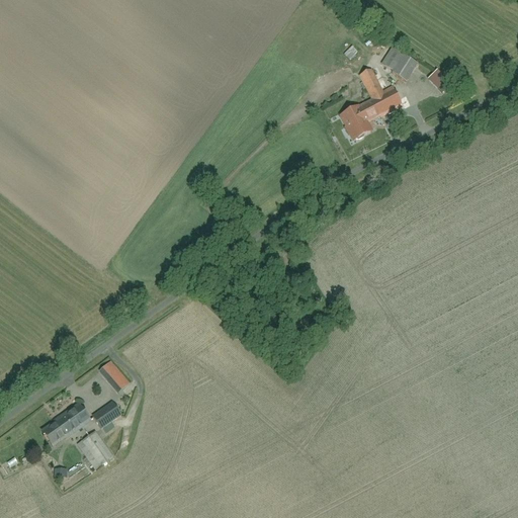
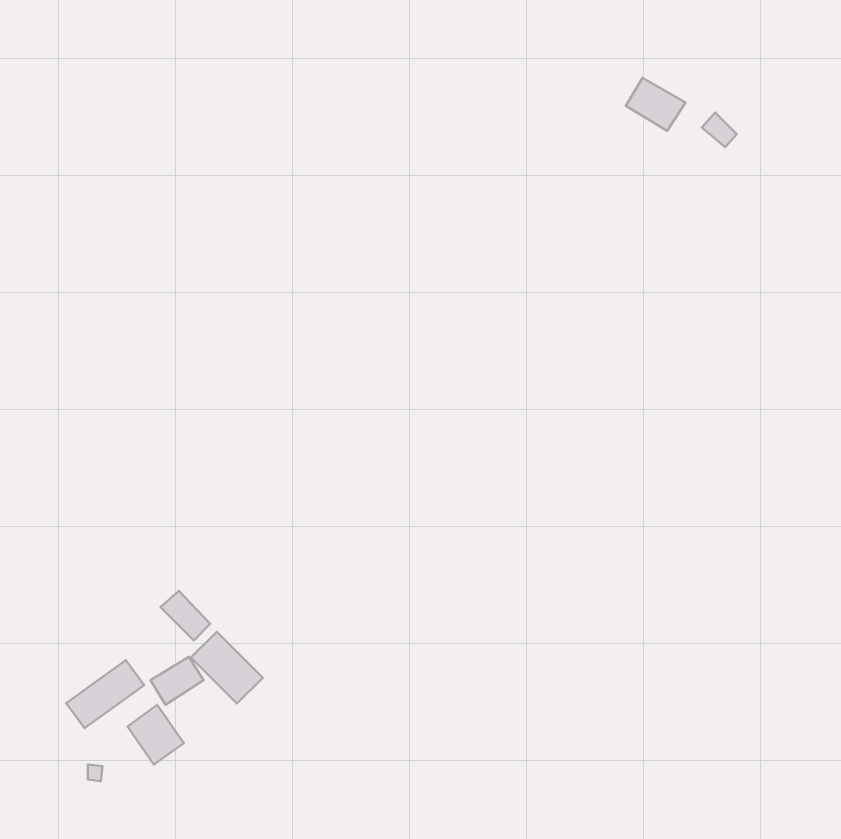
building: [339,64,404,139] -> none
building: none -> [191,632,263,703]

